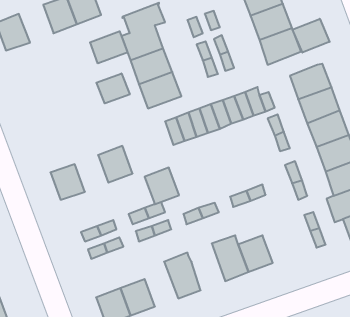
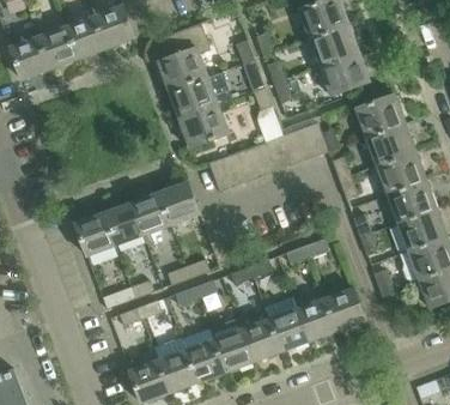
building: none -> [37,25,78,69]
building: [293,19,330,53] -> none
building: [90,31,128,63] -> none
building: [96,73,130,103] -> none
building: none -> [103,202,142,246]
building: [145,168,179,204] -> [159,181,200,224]
building: none -> [324,288,365,330]
building: none -> [237,310,280,362]
building: none -> [181,328,225,381]

